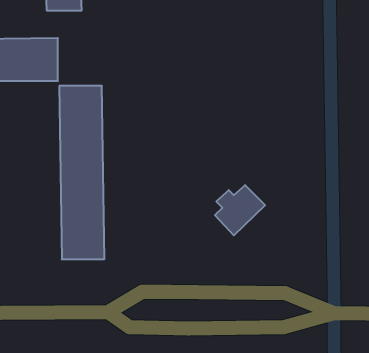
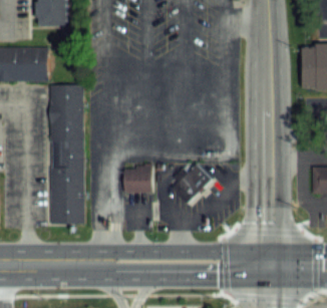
building: none -> [123,165,151,192]

